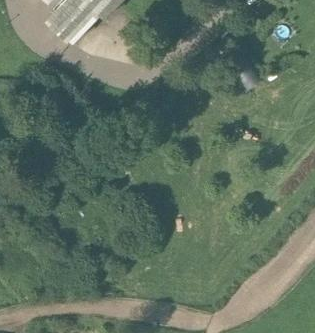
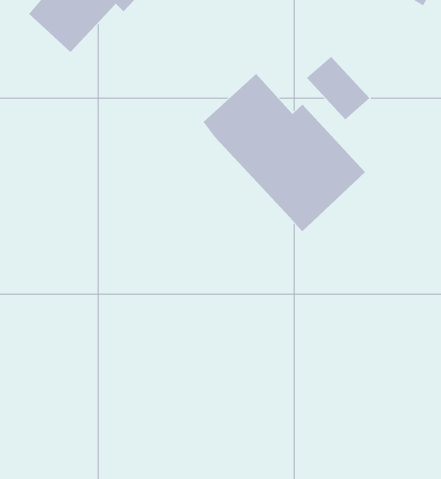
building: none -> [203,73,366,232]

